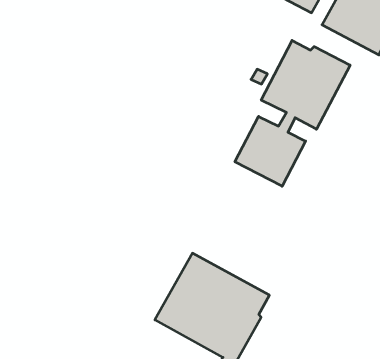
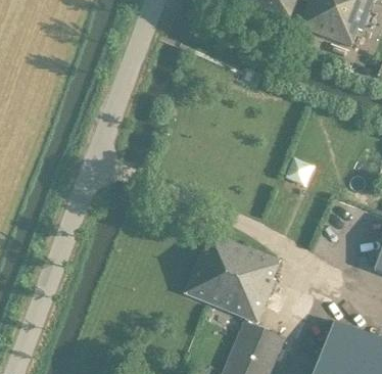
building: [235,40,350,186] -> none

